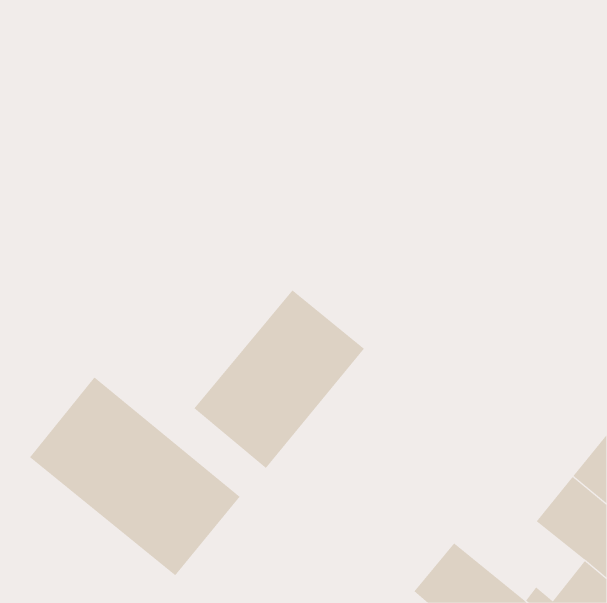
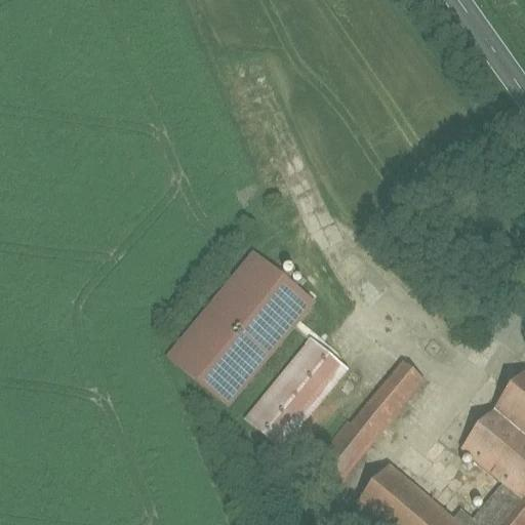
building: [29,377,241,576] -> none
building: none -> [247,336,349,446]
building: none -> [323,359,423,472]

